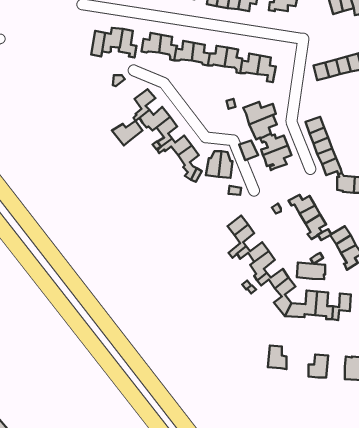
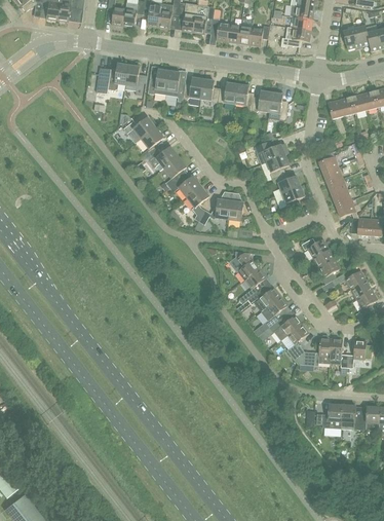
building: [112,121,143,145] -> [122,116,154,142]
building: [297,263,325,279] -> none
building: [268,346,287,369] -> [340,404,359,429]

